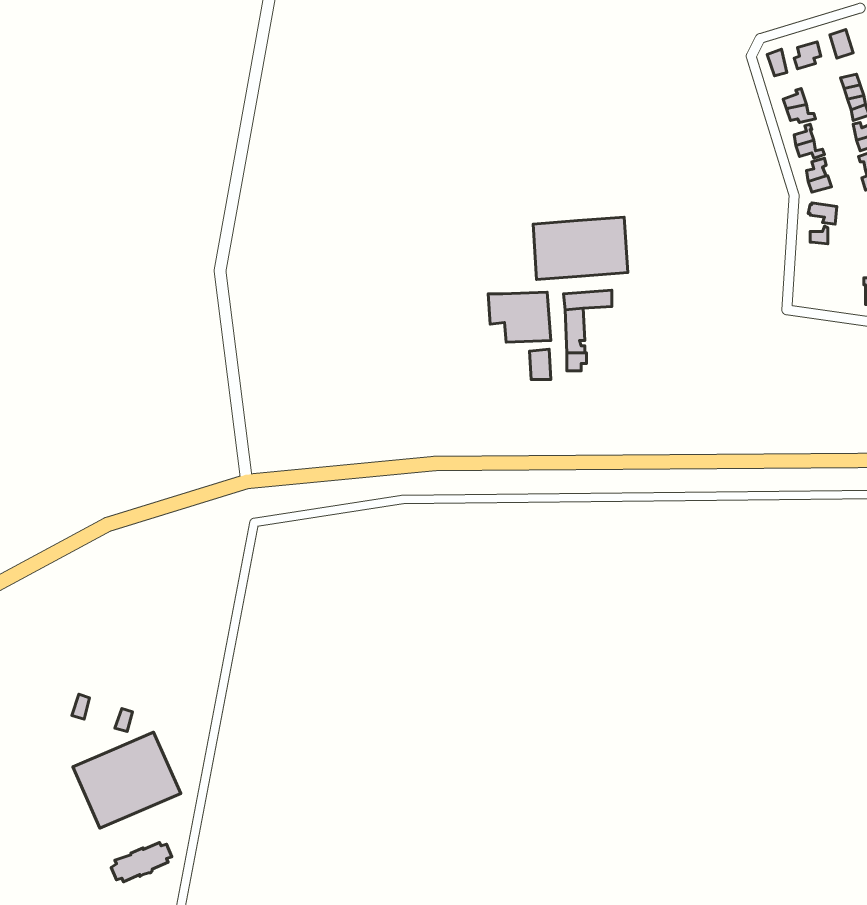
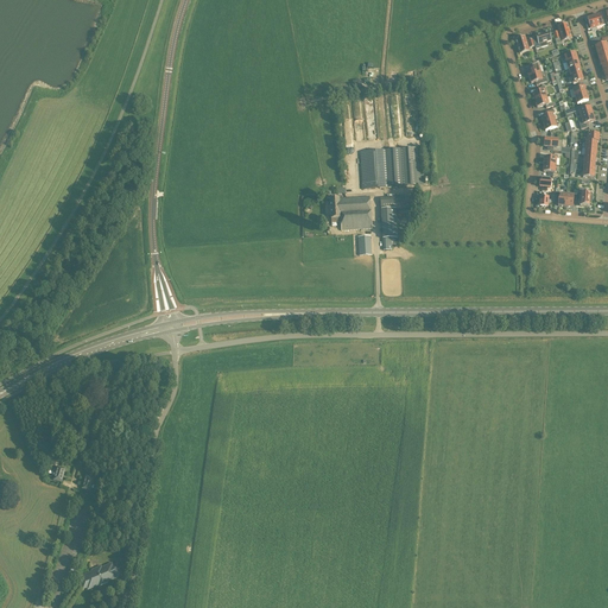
building: [73,732,181,828] -> none

